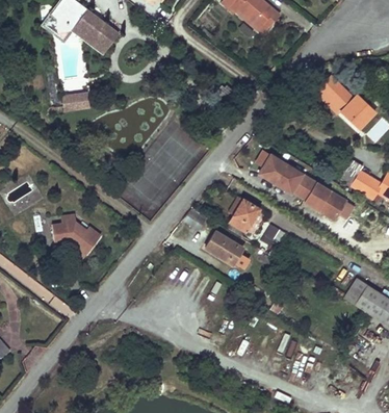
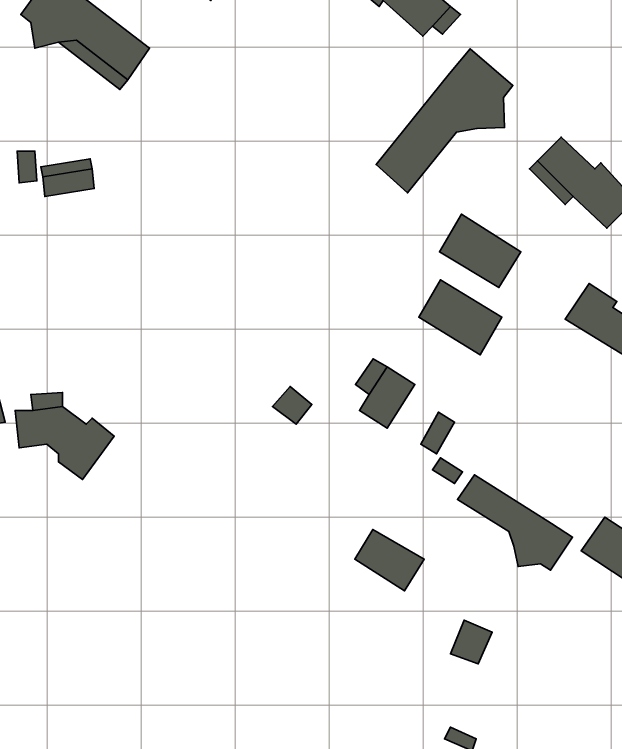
building: none -> [376,49,513,193]
building: [306,182,348,221] -> [440,214,521,287]
building: [206,232,242,264] -> [355,530,424,591]
building: none -> [457,475,573,570]

